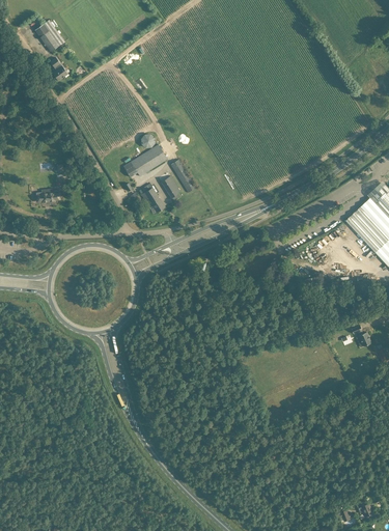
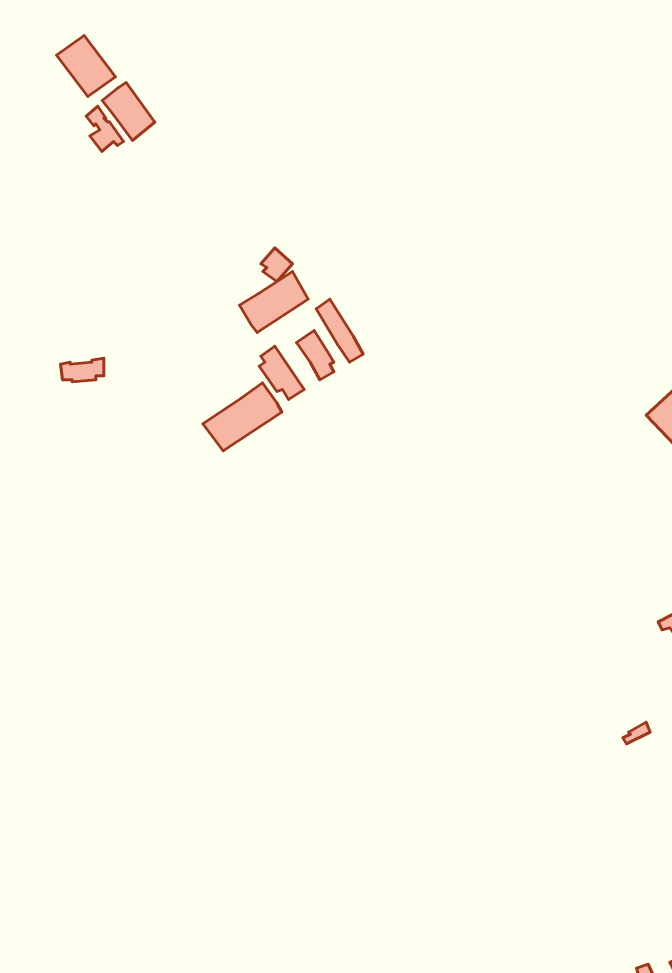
building: none -> [102,83,155,141]
building: none -> [203,383,282,451]

